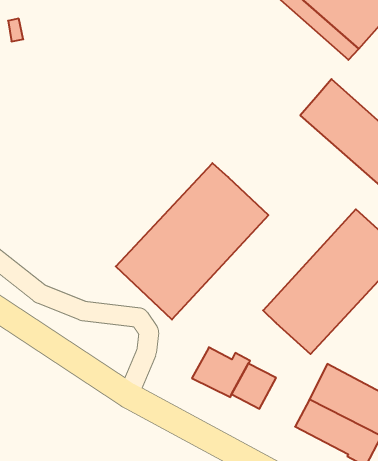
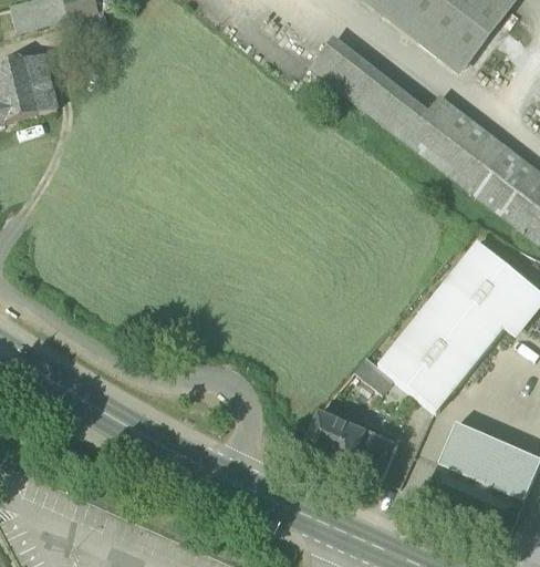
building: none -> [312,44,423,138]
building: [116,163,268,320] -> none
building: none -> [354,354,394,391]

